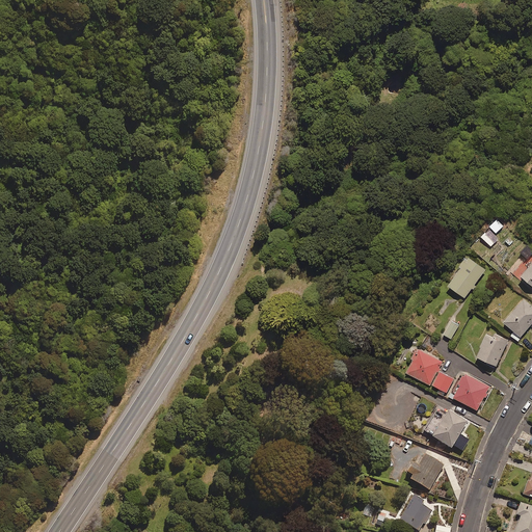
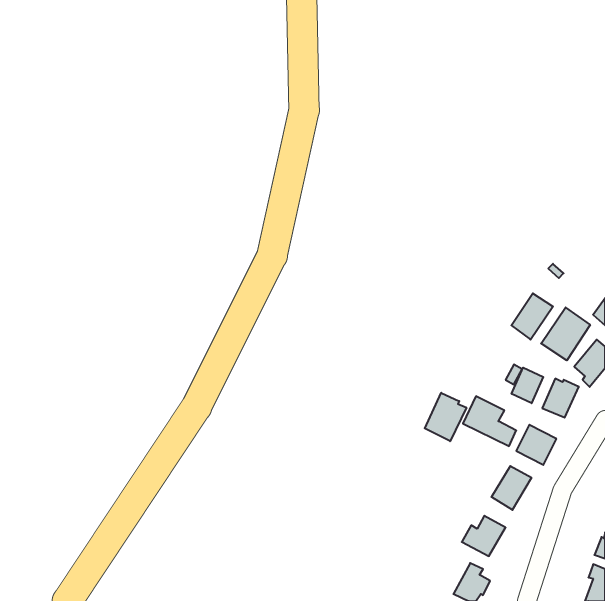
building: none -> [541,307,590,360]
building: none -> [512,368,543,403]
building: none -> [425,393,466,441]

